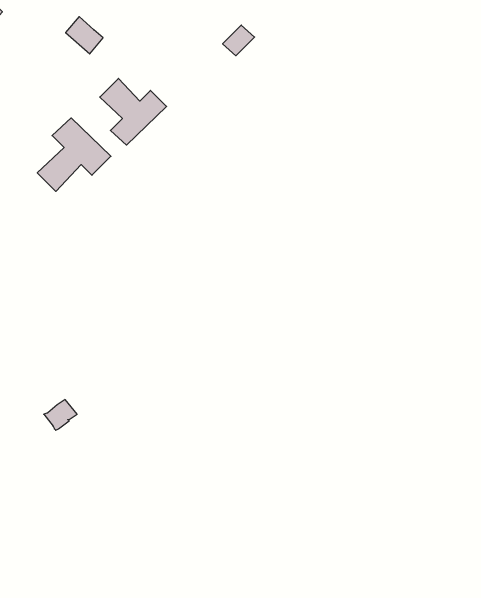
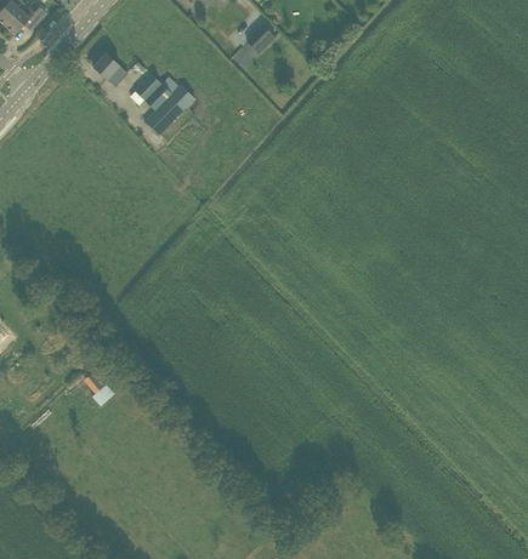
building: [66,17,103,54] -> [92,52,126,86]
building: [37,118,111,191] -> none

